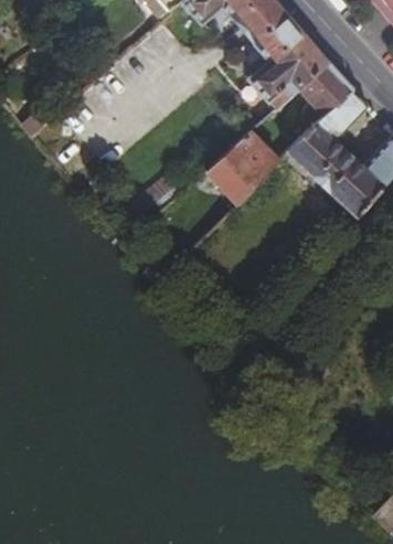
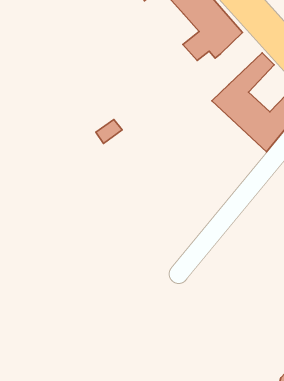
building: [300,63,354,130] -> none
building: [208,131,280,202] -> none

